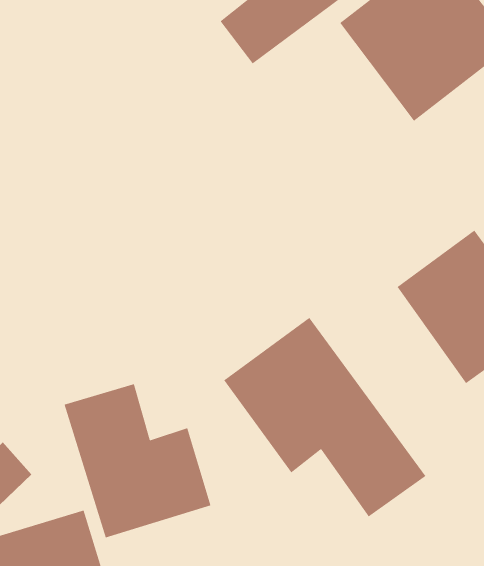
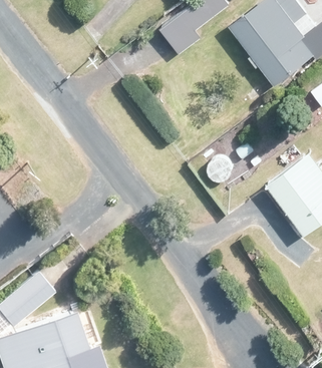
building: [223,317,426,517] -> none
building: [64,383,212,538] -> none

